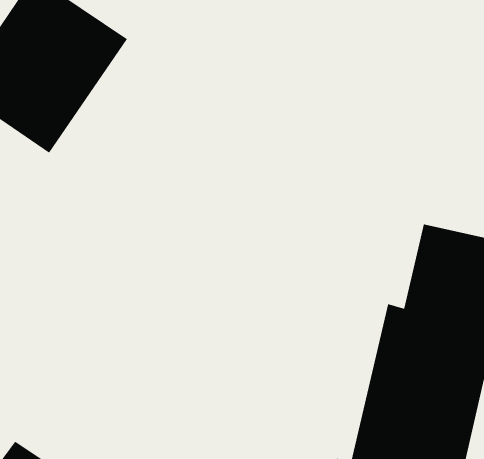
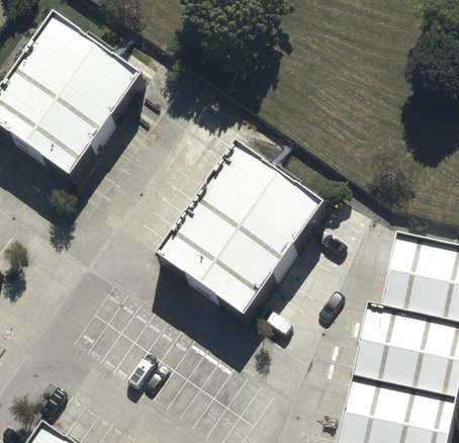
building: none -> [159,146,317,313]

